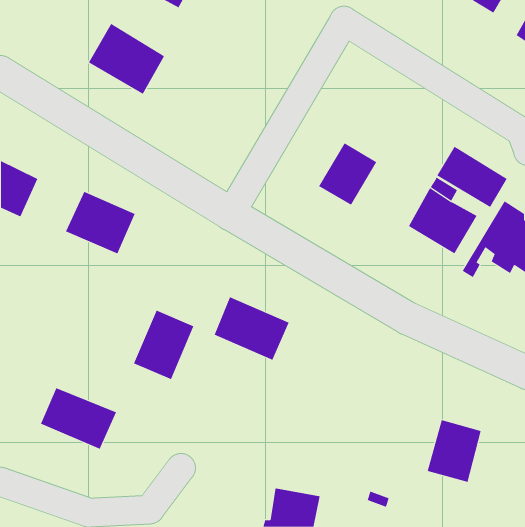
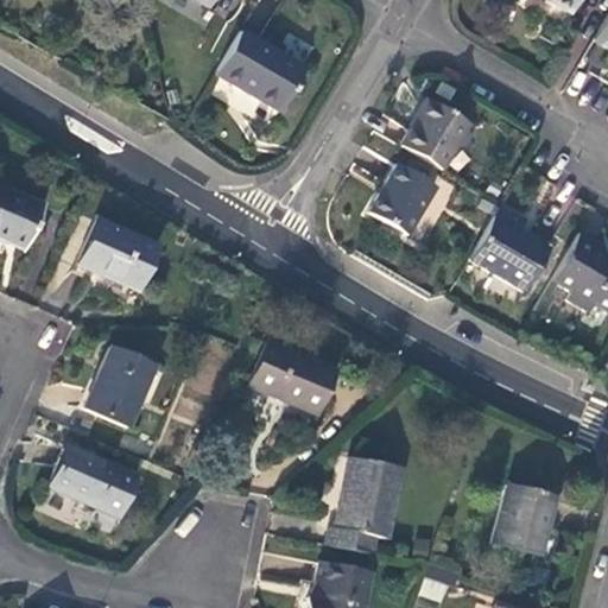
building: [88,23,165,94] -> [218,31,306,113]
building: none -> [400,99,474,172]
building: [436,146,508,208] -> none
building: [133,310,194,380] -> [86,346,156,426]
building: none -> [327,455,405,553]

